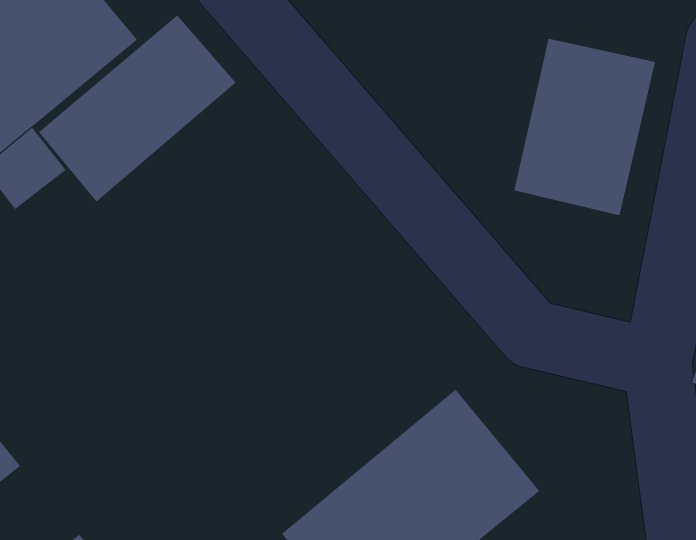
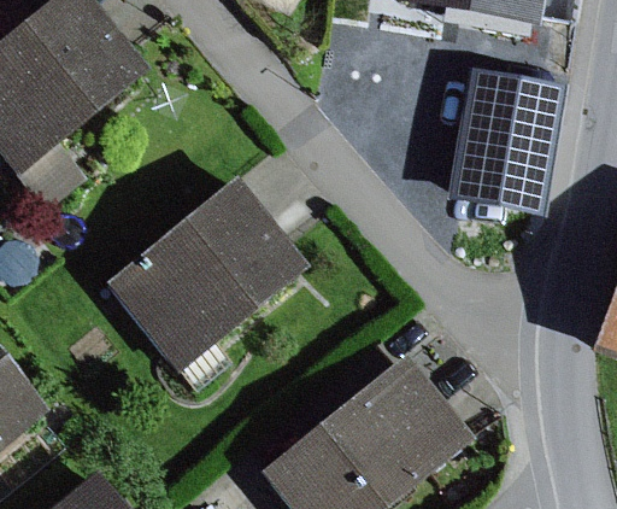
building: [38,15,237,202] -> none
building: none -> [108,180,306,371]

